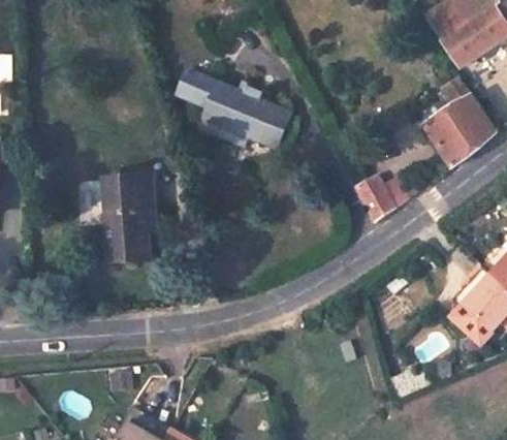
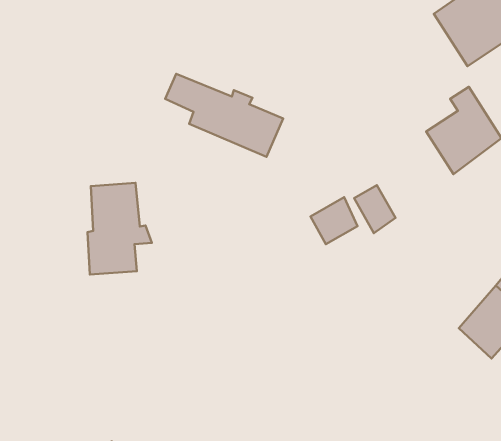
building: none -> [310,197,358,244]

